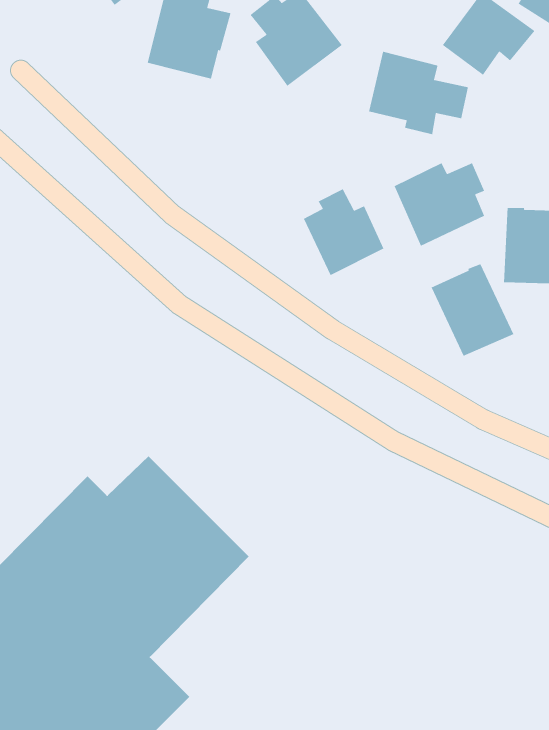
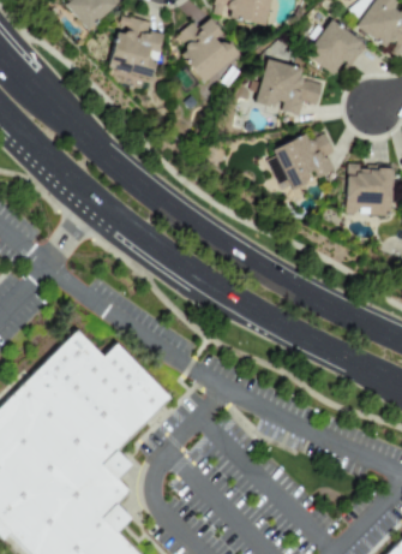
building: [303,188,385,276] -> none
building: [430,263,514,357] -> none

